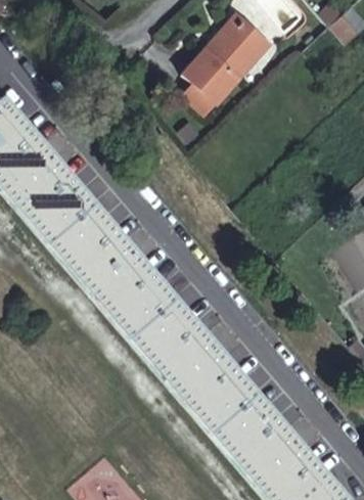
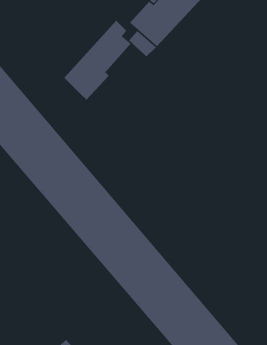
building: none -> [64,20,132,101]

